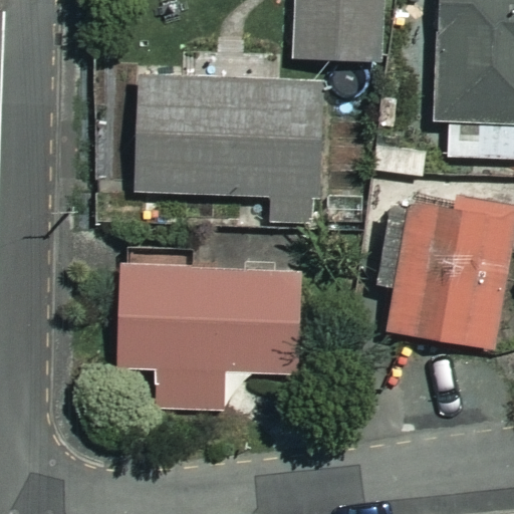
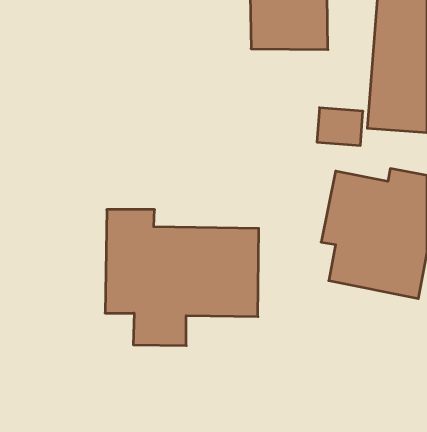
building: [139,82,313,223] -> none

